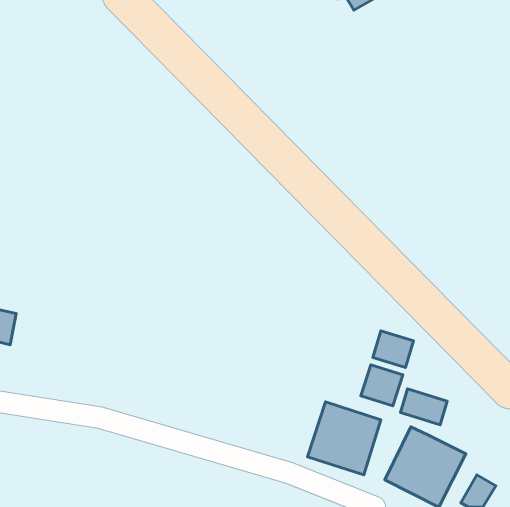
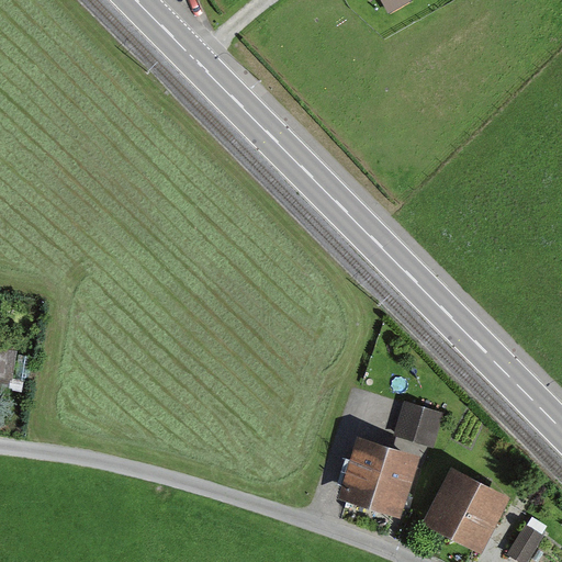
building: [373,331,414,368] -> none
building: [400,389,447,425] -> none

